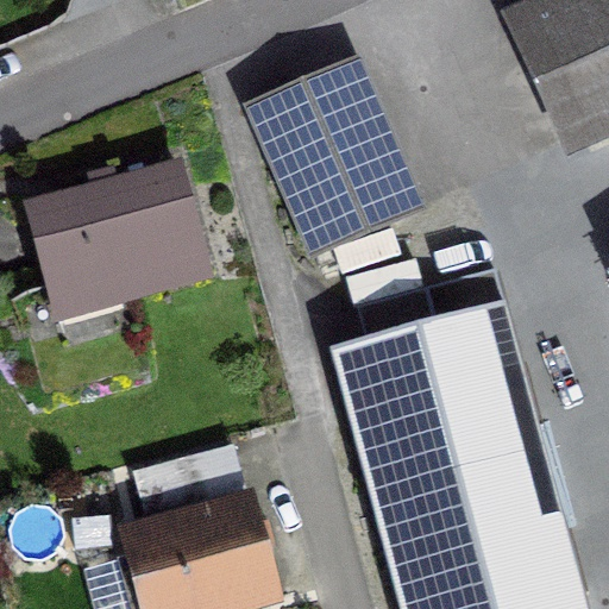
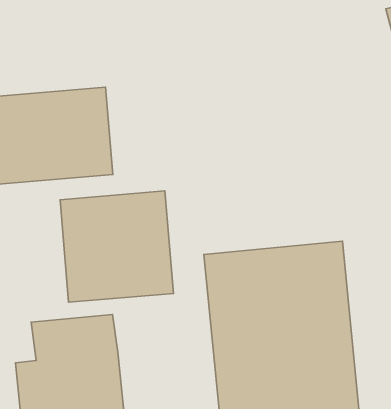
building: [251,65,417,252] -> none
building: none -> [60,191,173,302]

